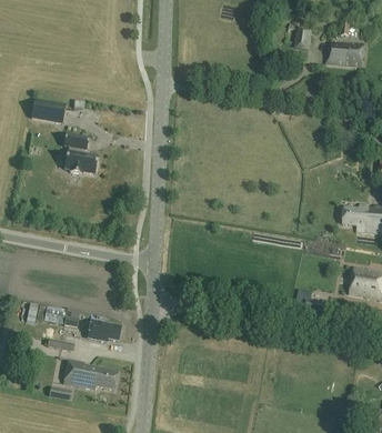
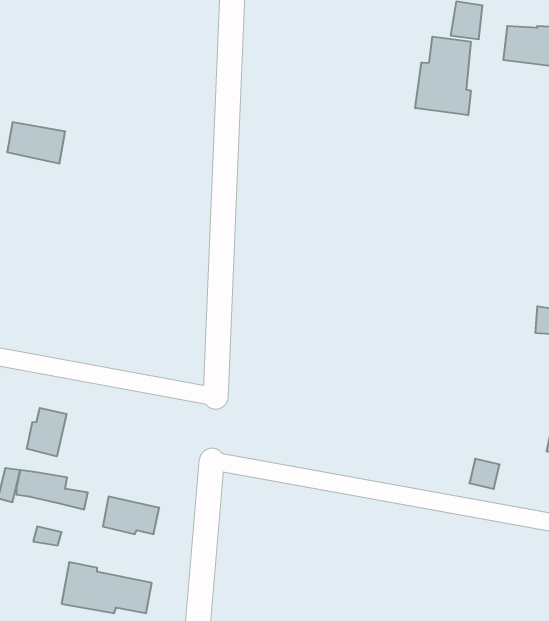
building: none -> [415,37,471,115]
building: [62,134,97,174] -> none
building: none -> [27,408,66,456]

